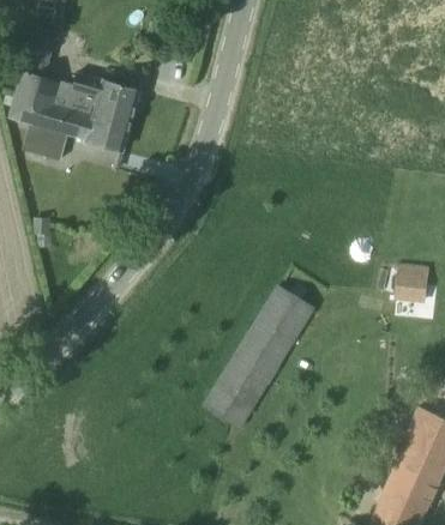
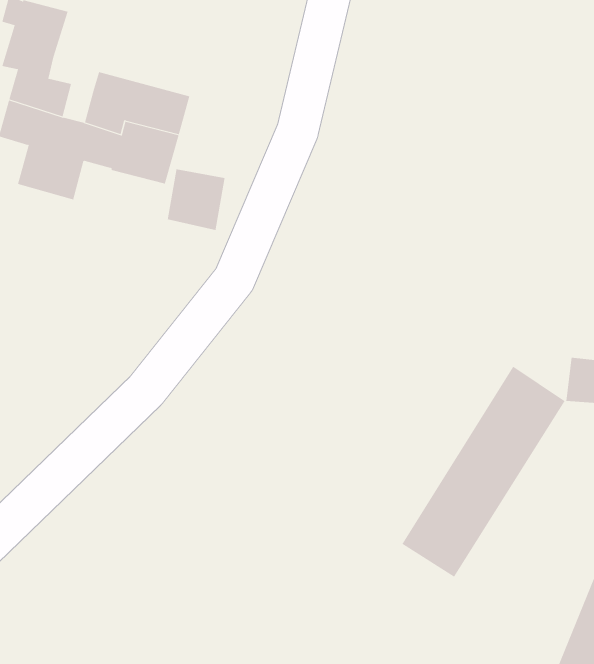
building: none -> [167,168,225,231]
building: [203,285,314,429] -> [402,366,566,577]

